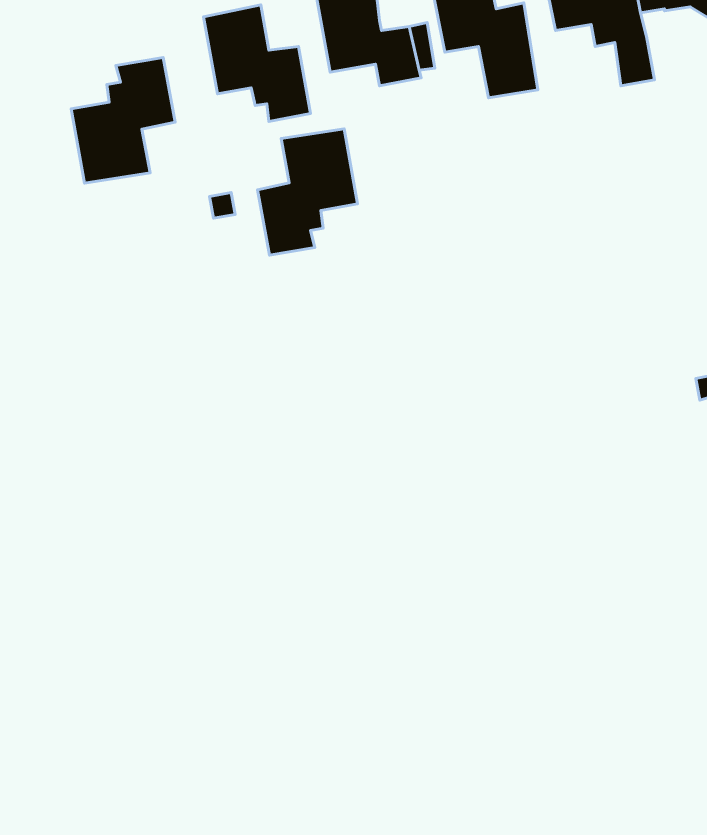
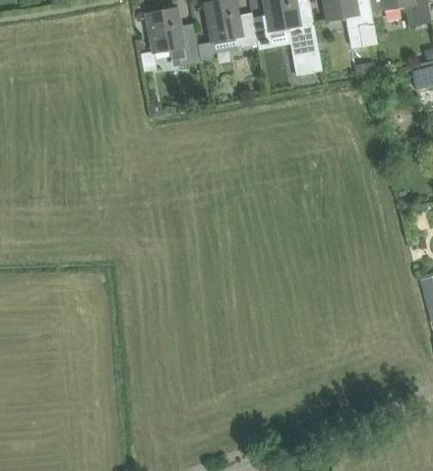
building: [71,57,175,183] -> none
building: [257,129,358,255] -> none

